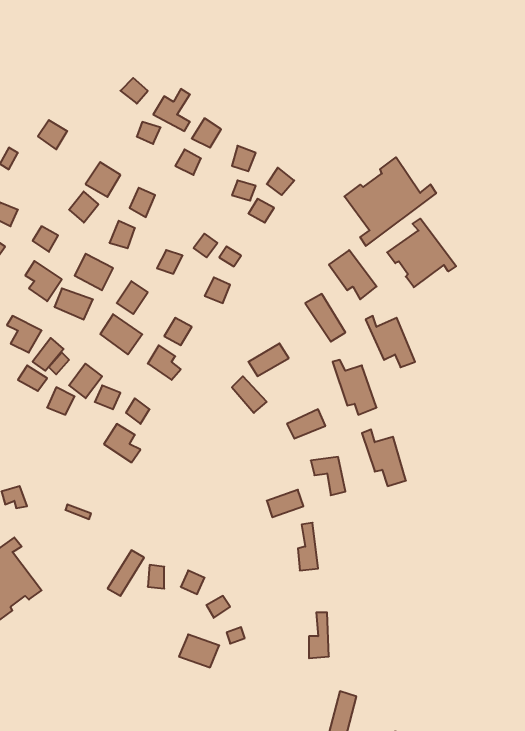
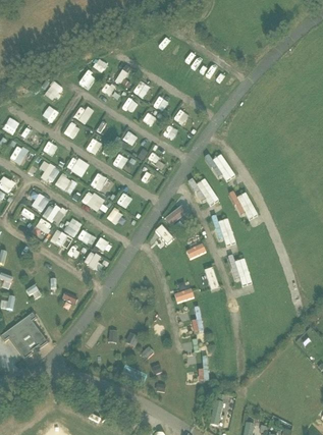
building: [344,157,436,246] -> none
building: [387,219,456,287] -> none

